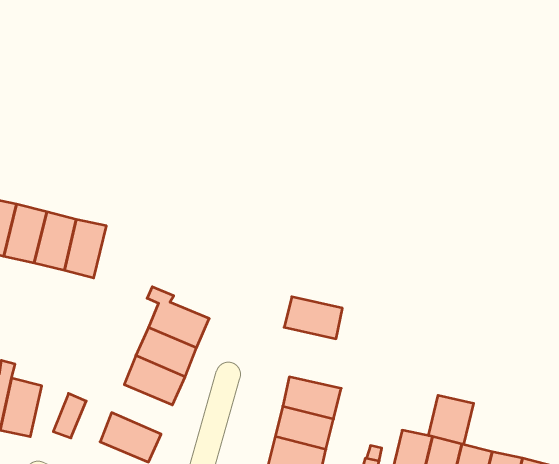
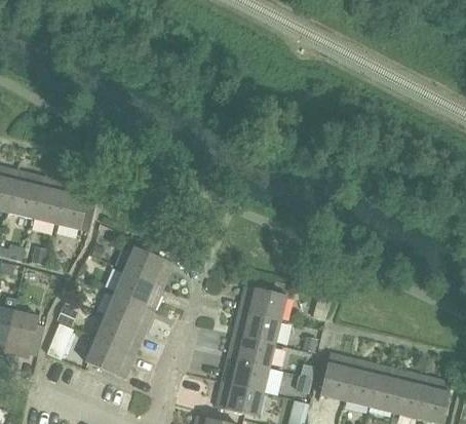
building: [284,297,342,339] -> [239,285,286,319]
building: none -> [95,316,145,356]
building: [429,395,474,444] -> none

